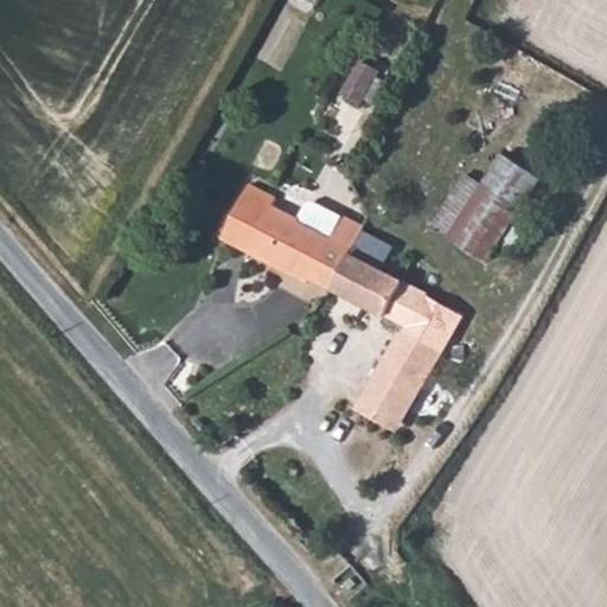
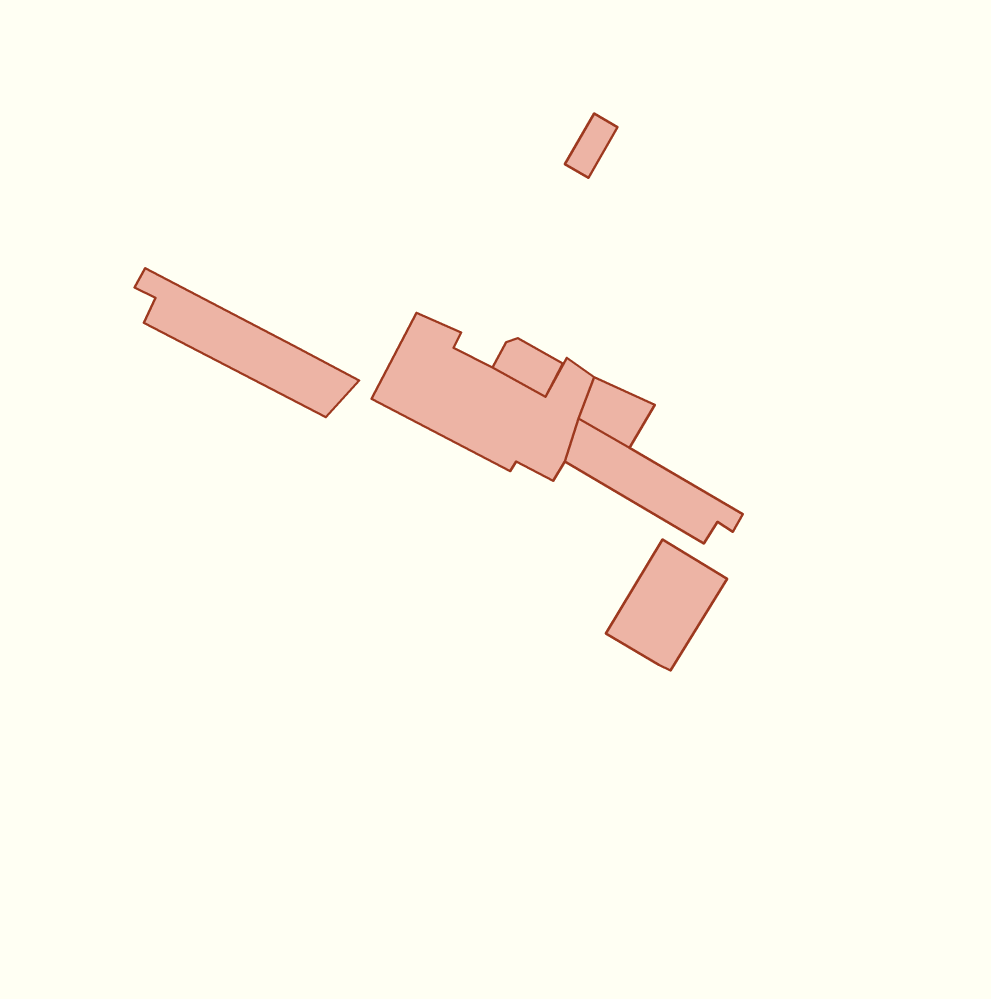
building: [430,148,536,257] -> none
building: none -> [134,268,359,417]
building: [349,384,400,434] -> none

